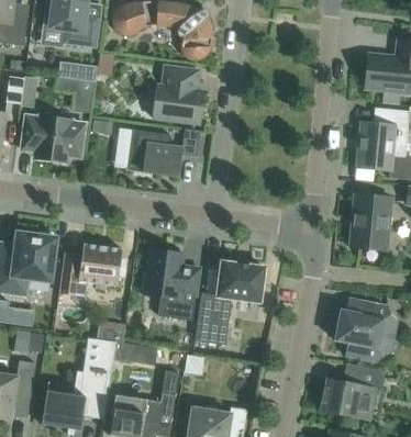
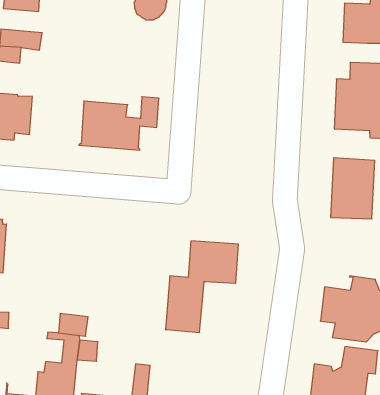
building: [152,66,203,124] -> none
building: [58,244,125,296] -> none
building: [141,249,199,320] -> none

